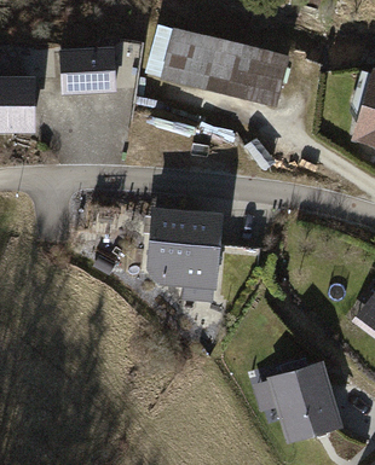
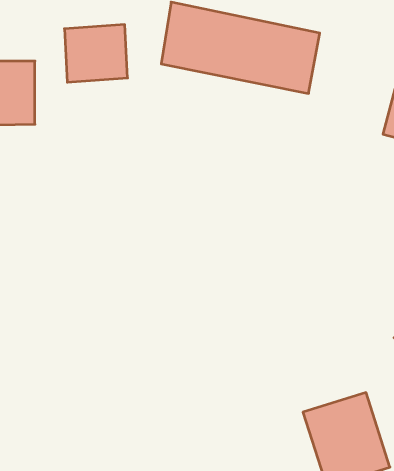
building: [144,209,220,303] -> none

